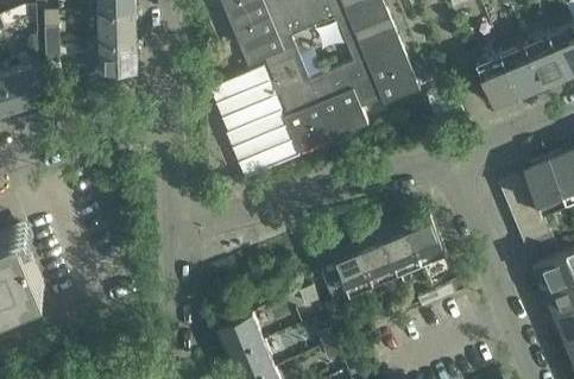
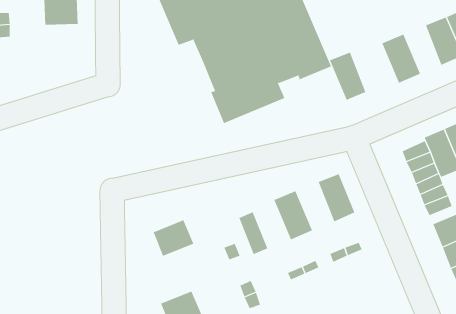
building: [99,43,138,74] -> none
building: [502,44,543,99] -> [329,52,366,101]
building: [210,68,301,179] -> none
building: [380,220,423,274] -> none
building: [330,240,374,296] -> none
building: [217,315,264,356] -> [153,219,194,256]

